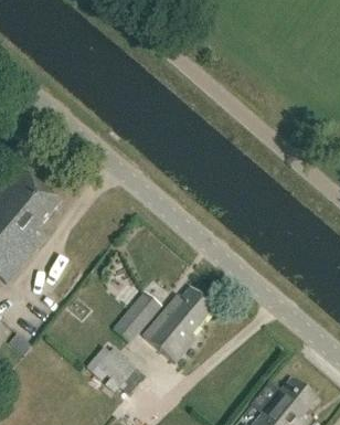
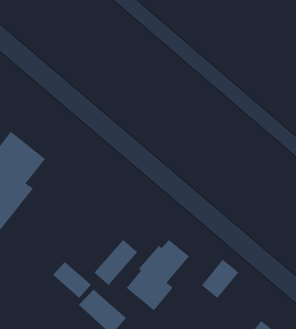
building: none -> [201,259,239,299]
building: none -> [52,261,92,299]

